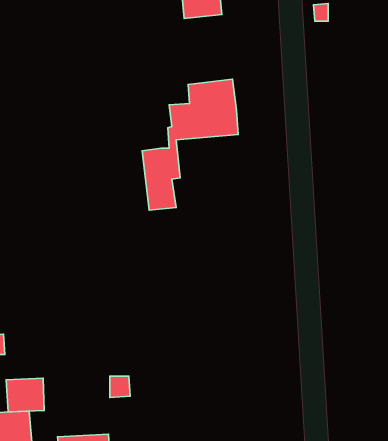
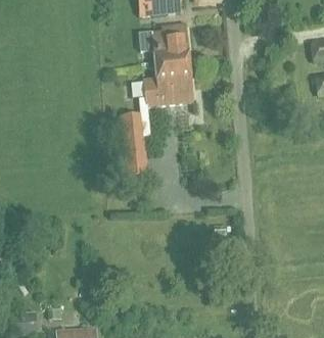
building: none -> [139,23,189,65]
building: [6,378,44,412] -> none

